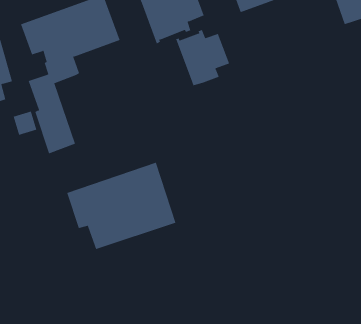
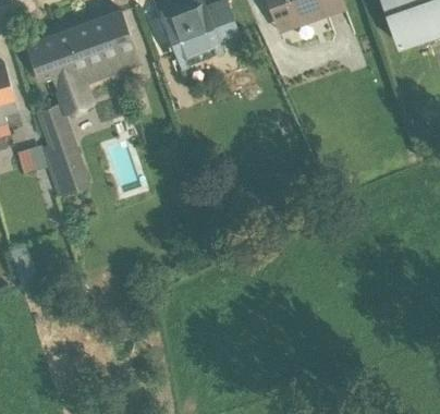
building: [175,29,230,86] -> none
building: [66,162,176,250] -> none

